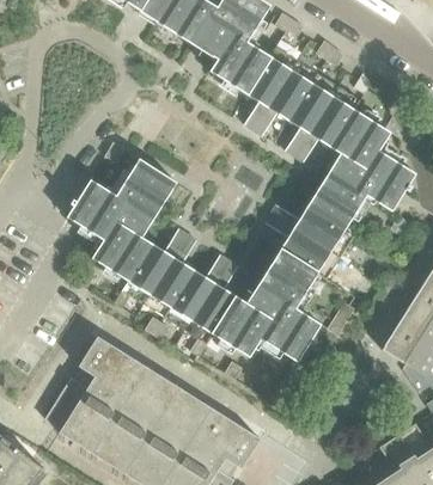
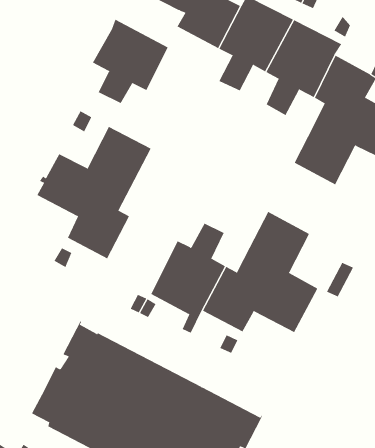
building: none -> [92,19,168,104]
building: [266,204,354,278] -> none
building: [114,228,197,317] -> none

